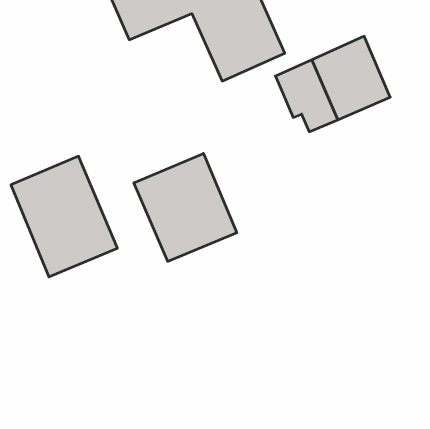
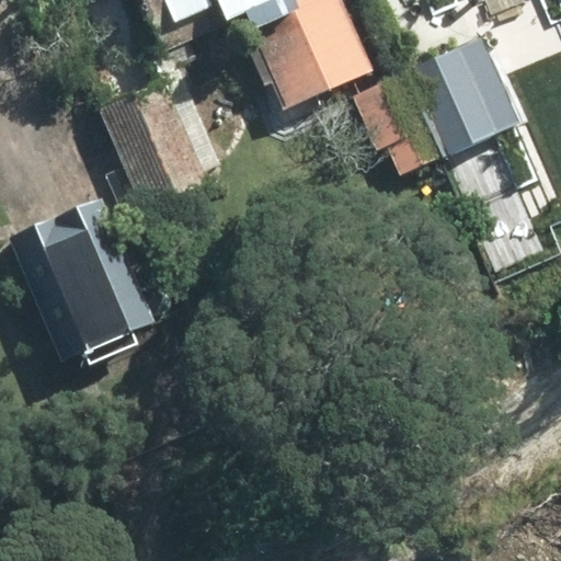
building: none -> [104,83,206,208]
building: [134,153,237,261] -> none

